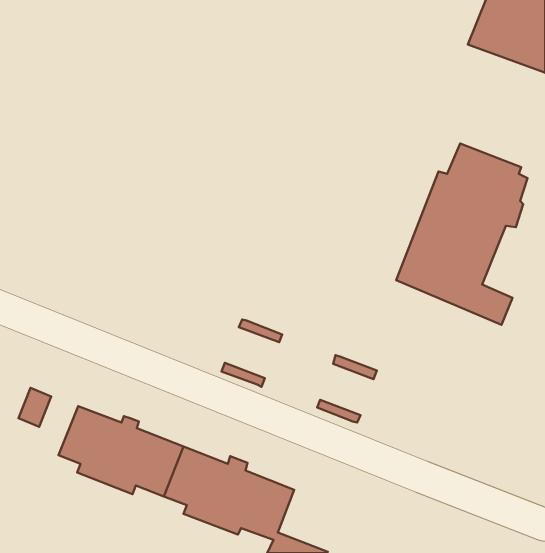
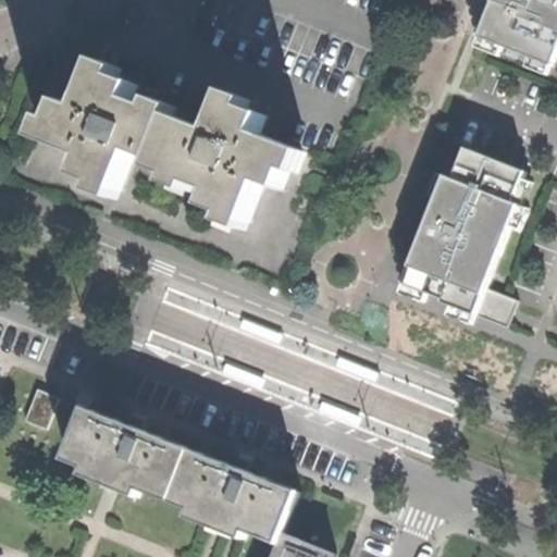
building: none -> [41,67,292,220]

